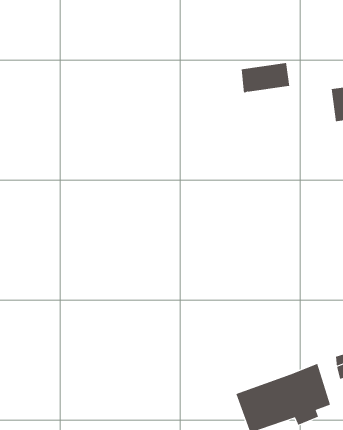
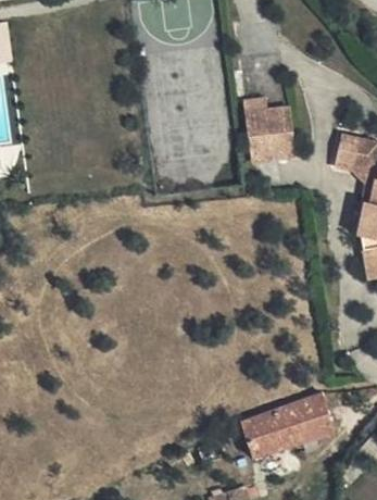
building: none -> [251,129,292,159]

